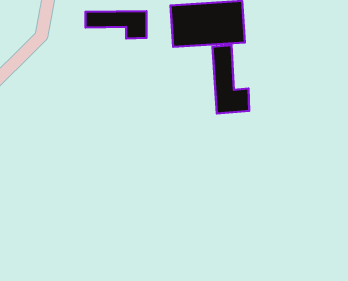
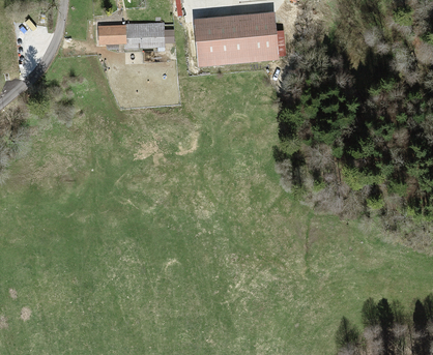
building: [213,45,249,113] -> none

